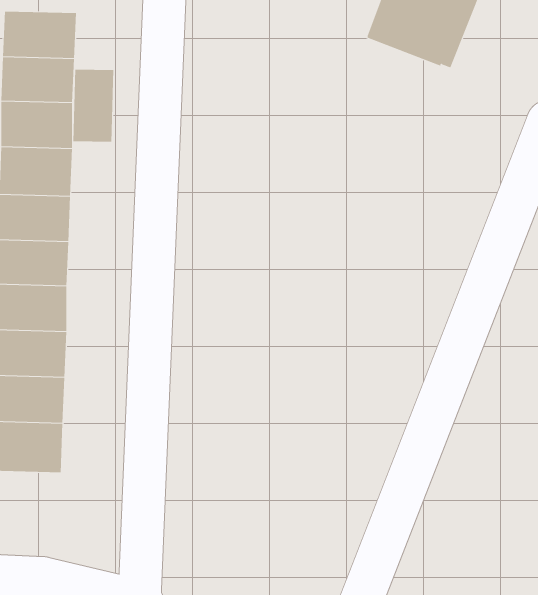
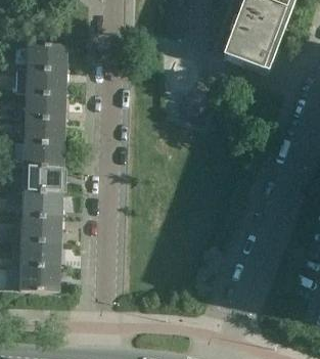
building: [73,69,114,142] -> none

